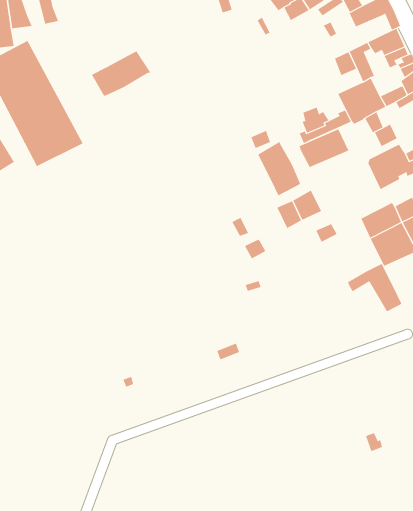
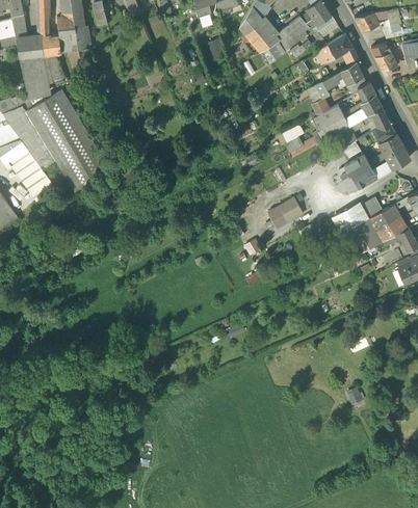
building: [91,51,151,97] -> none
building: [299,129,349,168] -> none
building: [258,141,300,196] -> none
building: [347,263,403,312] -> none

